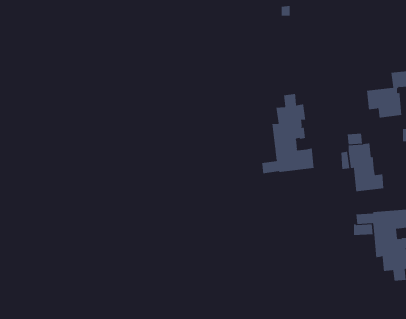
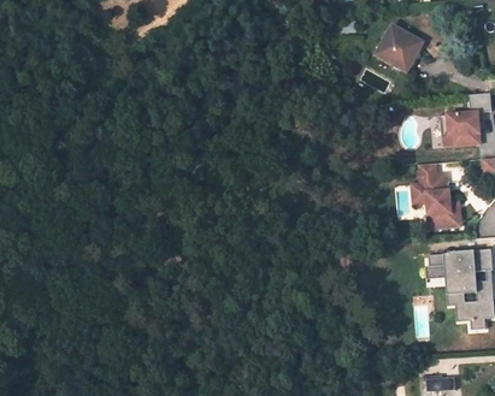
building: none -> [376,25,422,71]
building: [262,93,314,174] -> none

